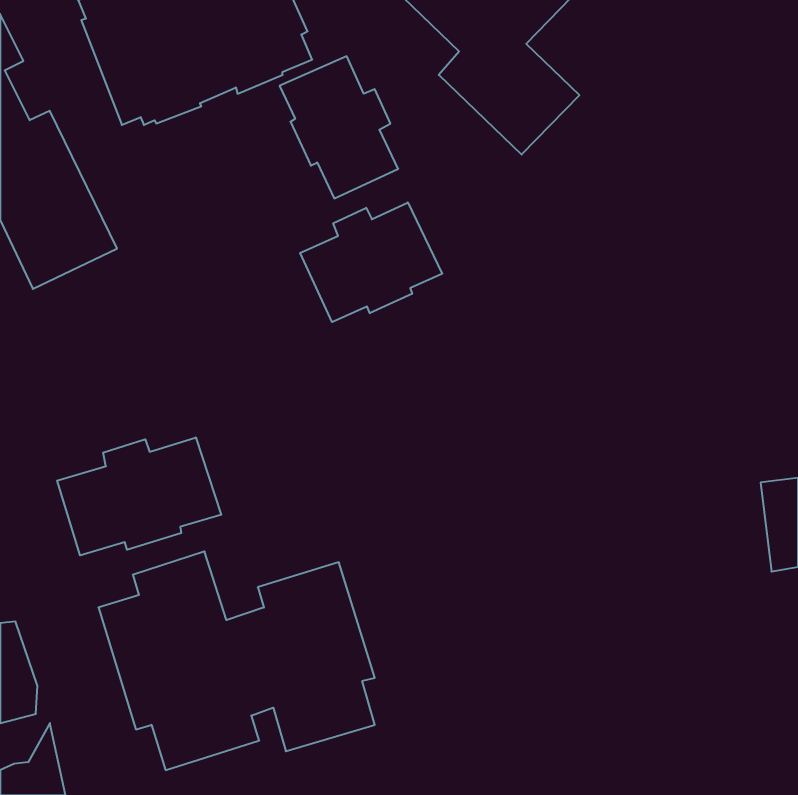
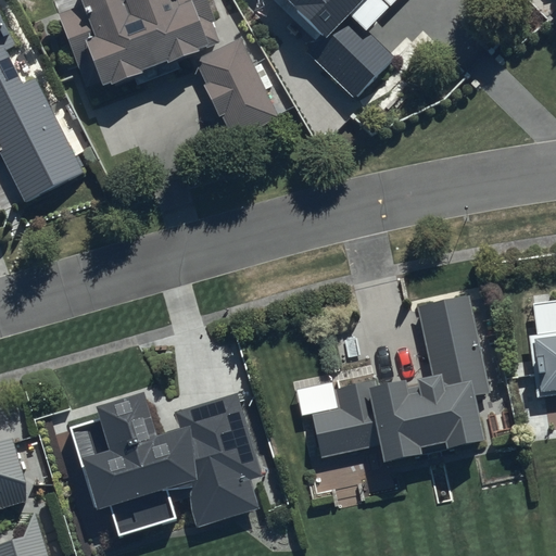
building: [300,202,442,322] -> none
building: none -> [311,294,486,465]
building: [57,437,221,555] -> none

